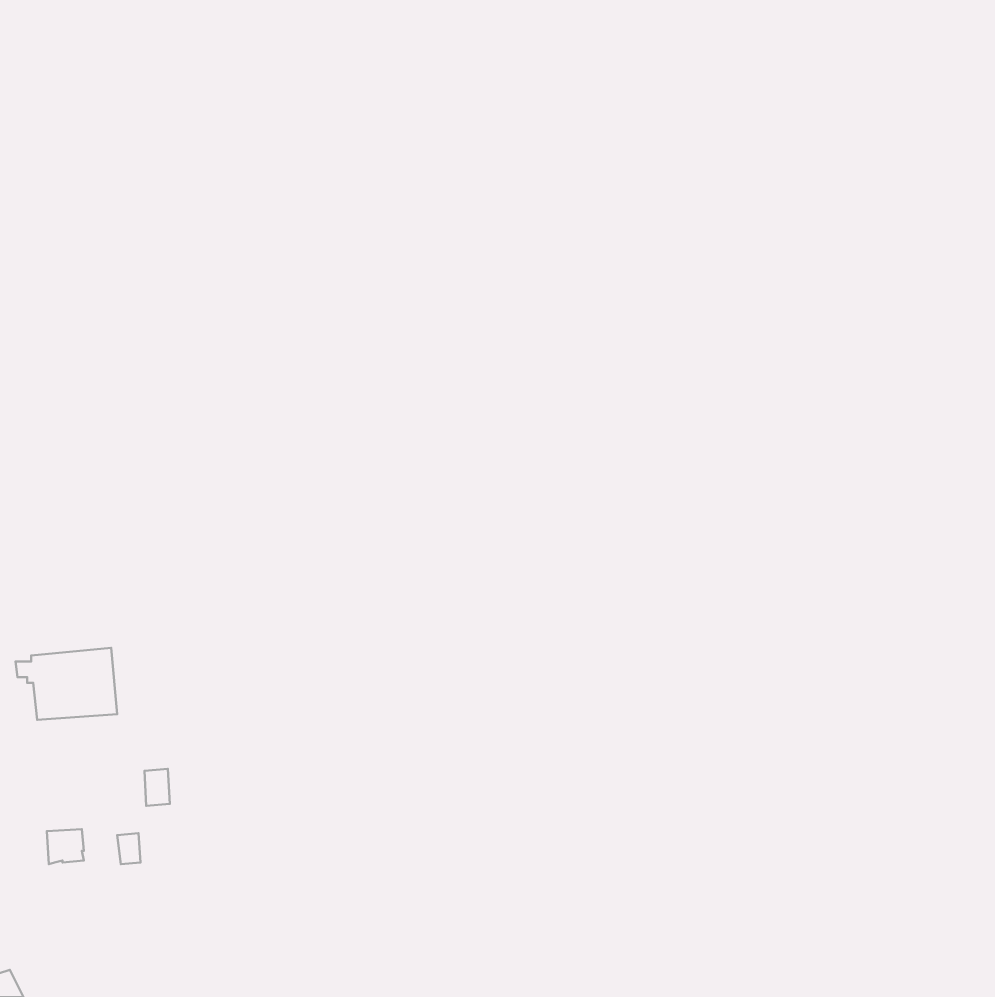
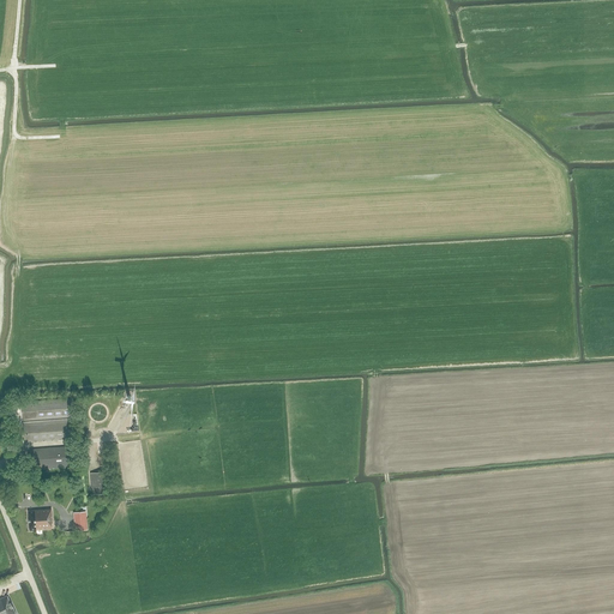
building: none -> [29,446,71,470]

